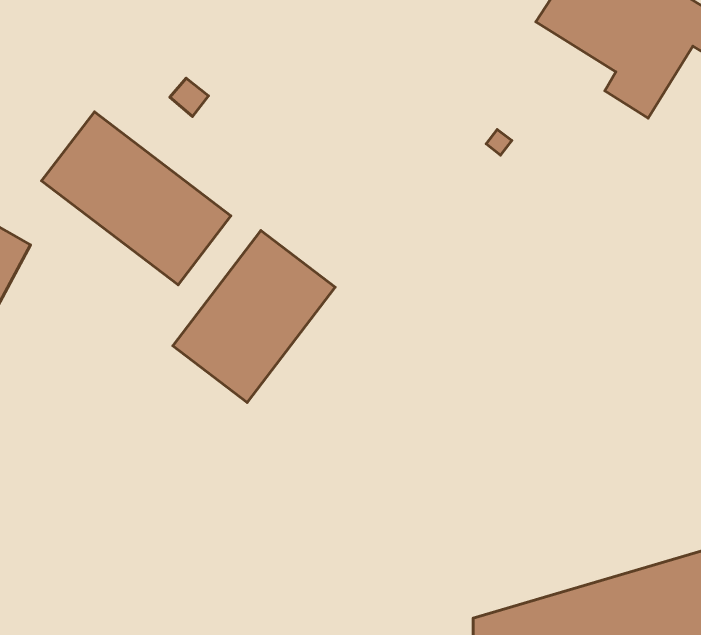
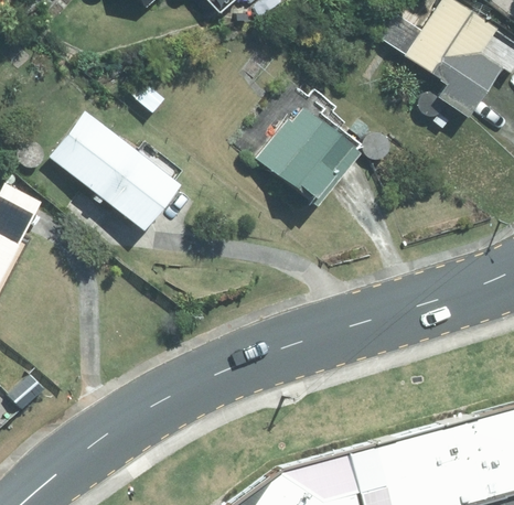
building: none -> [256,106,357,203]
building: [173,231,335,402] -> none

